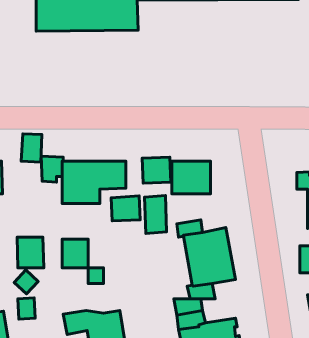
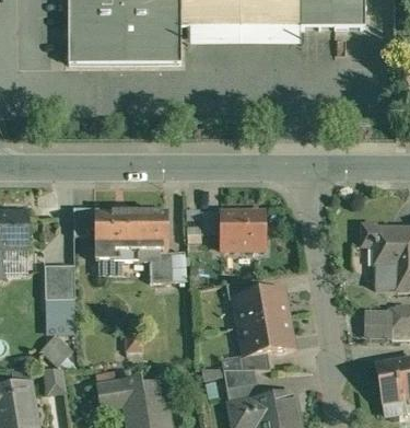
building: [21,134,42,162] -> none
building: [145,196,167,233] -> none
building: [62,239,88,268] -> [45,266,74,299]

